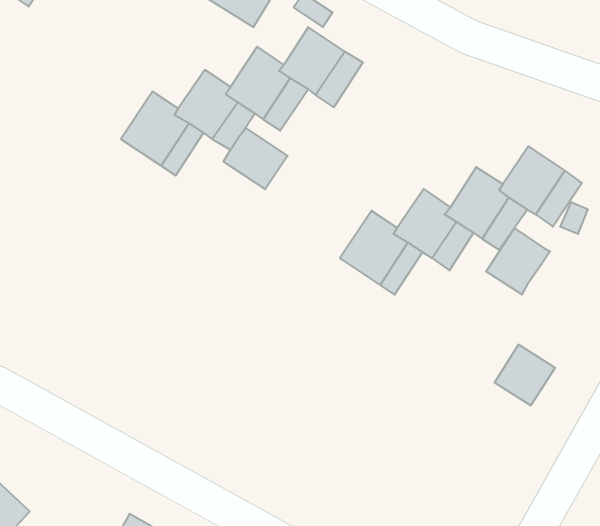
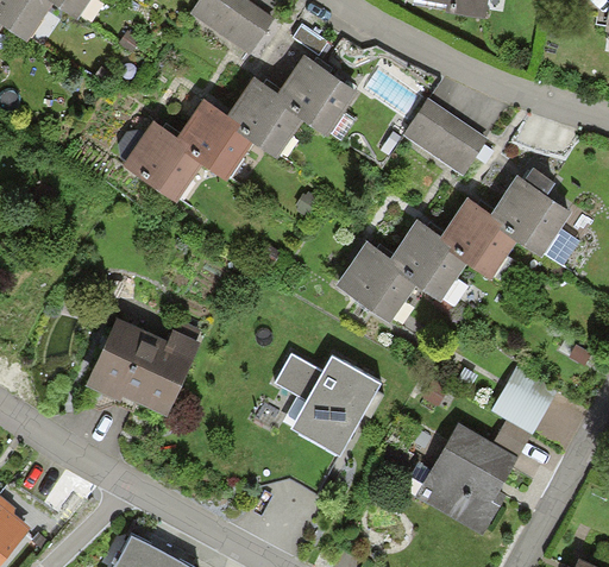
building: none -> [403,99,492,178]
building: [224,128,288,189] -> none
building: [486,228,550,295] -> none
building: none -> [88,323,194,409]
building: none -> [270,351,377,449]
building: none -> [417,427,511,529]

